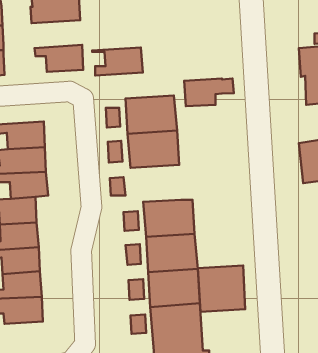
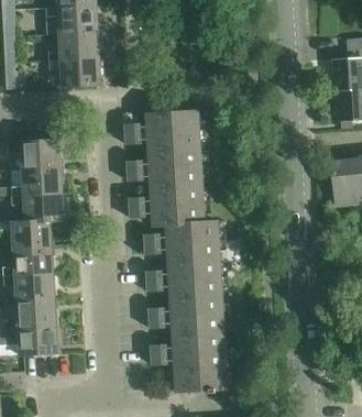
building: [92,48,143,75] -> [45,31,99,61]
building: [184,78,234,106] -> none
building: none -> [151,185,205,226]
building: [198,265,245,312] -> none

